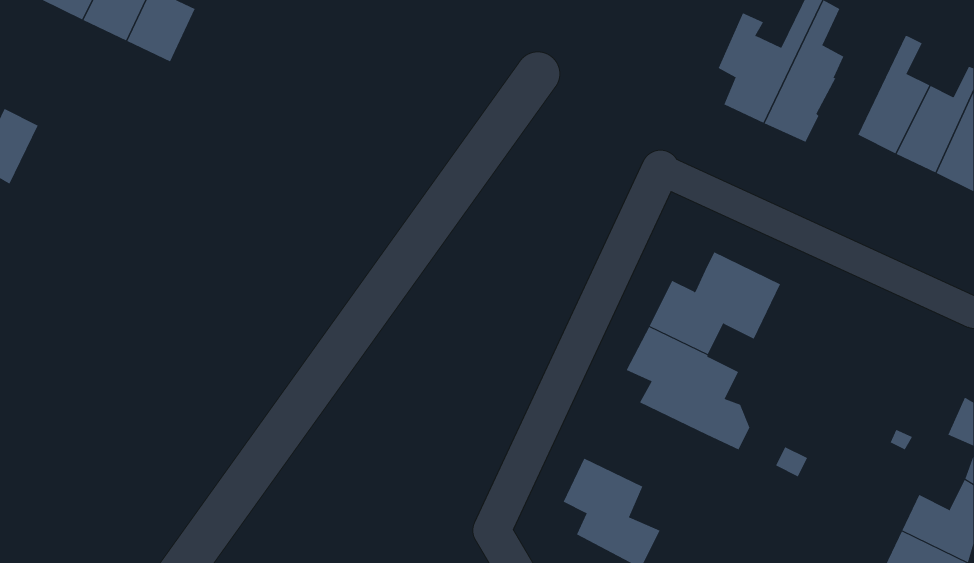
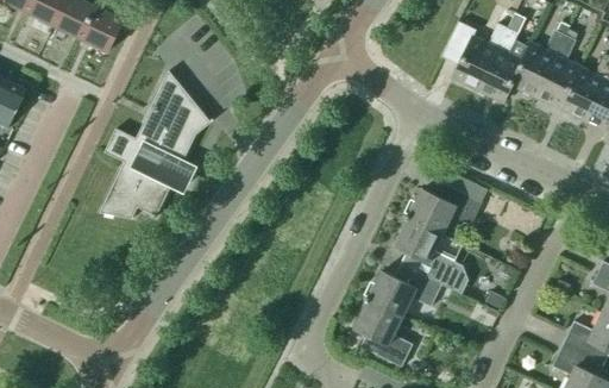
building: none -> [510,23,571,98]
building: none -> [100,71,213,219]
building: none -> [365,264,441,317]

